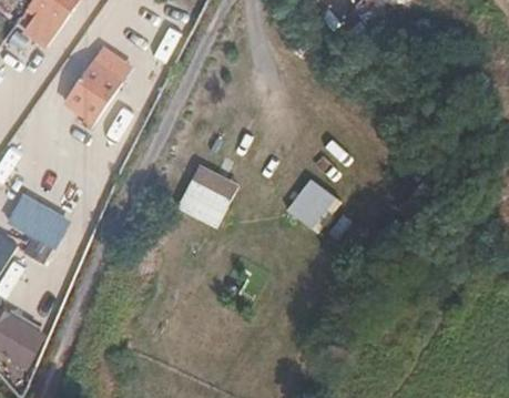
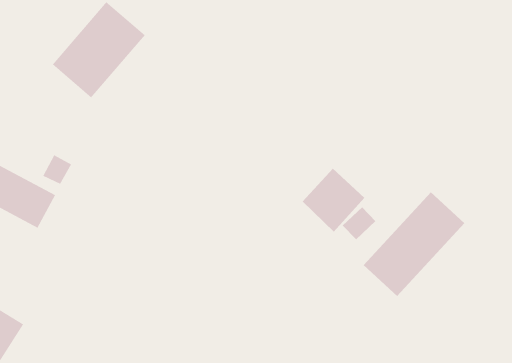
building: [176,163,237,227] -> none
building: none -> [363,191,465,297]

